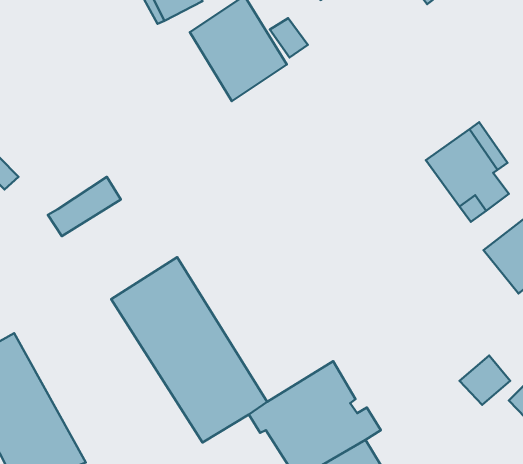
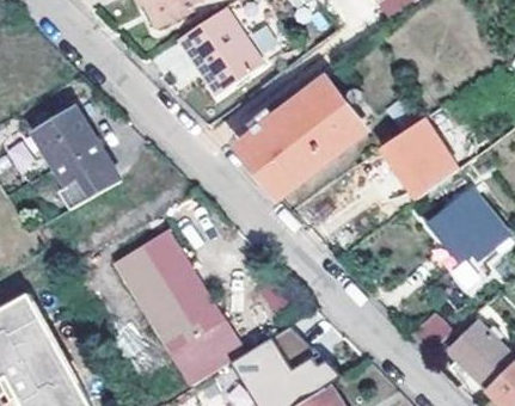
building: none -> [241,79,364,192]
building: none -> [33,109,109,187]

